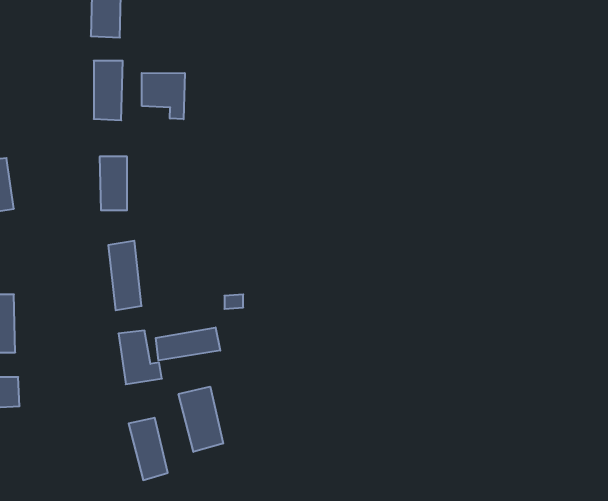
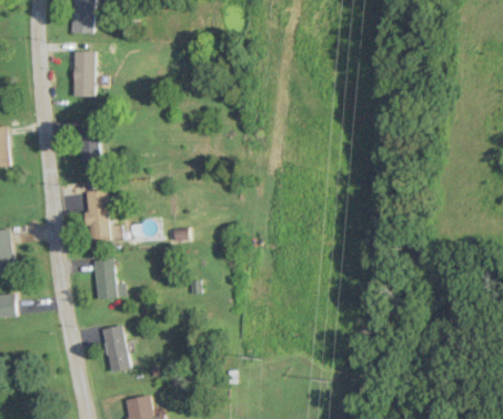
building: [142,73,185,119] -> none
building: [156,327,220,360] -> none
building: [179,387,223,452] -> none

